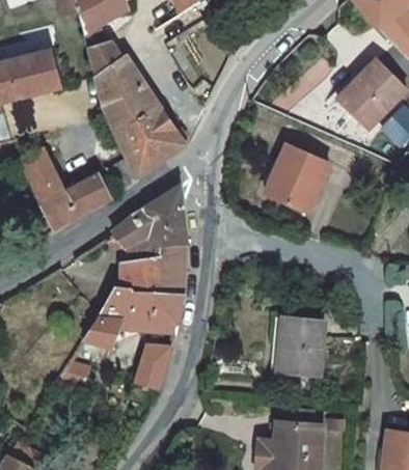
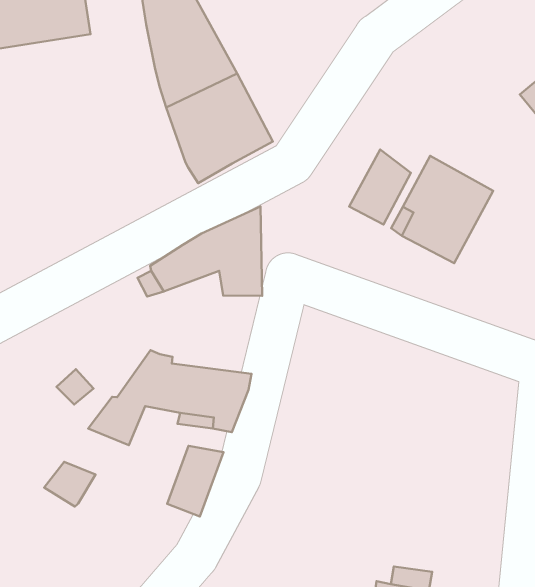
building: none -> [349,149,411,224]
building: [18,148,109,229] -> none
building: [122,230,186,295] -> none
building: [270,317,324,375] -> none

